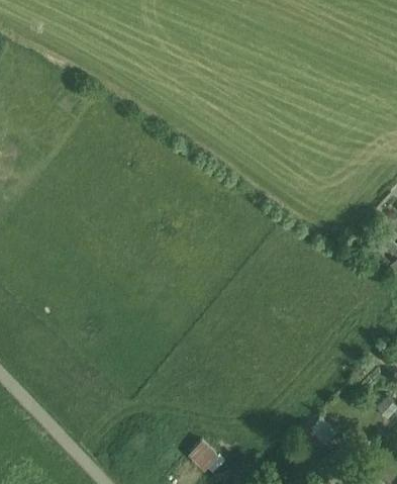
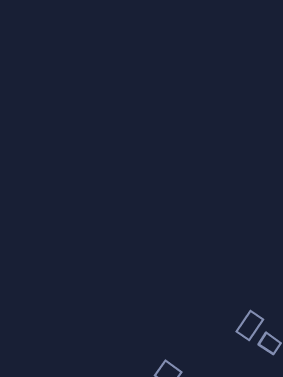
building: none -> [237,311,263,340]

